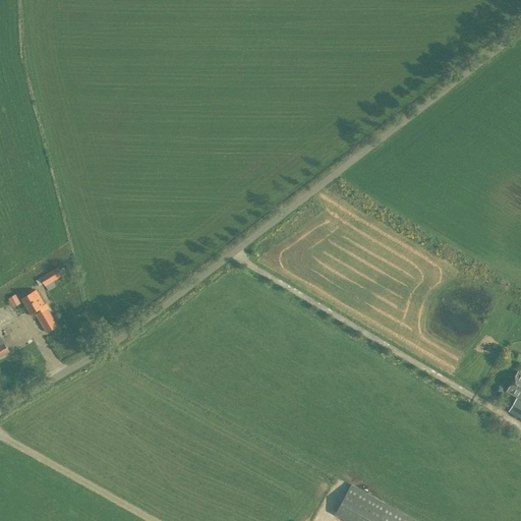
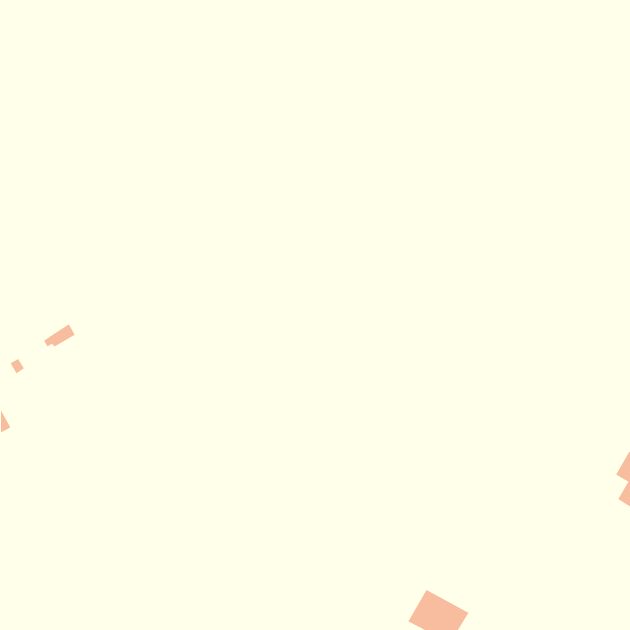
building: [22,291,58,333] -> none

